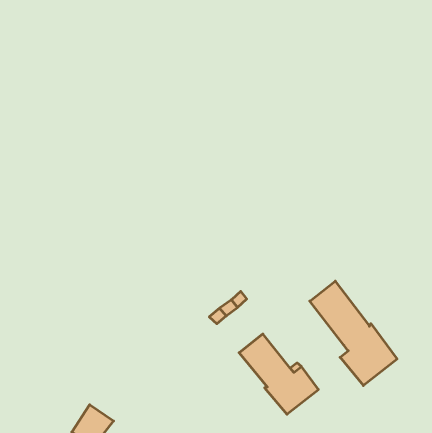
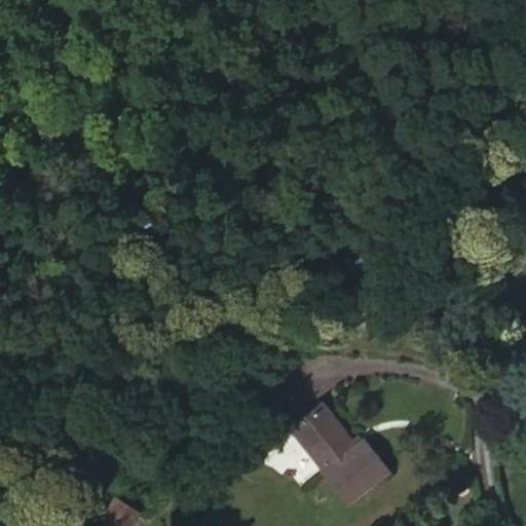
building: [310,281,397,386] -> none

